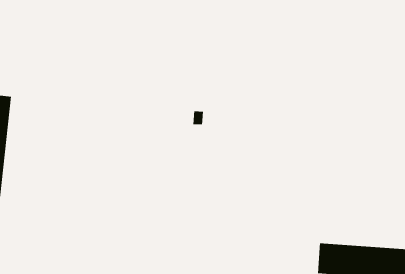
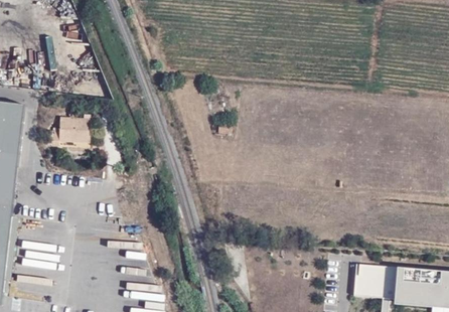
building: none -> [50,113,88,145]

